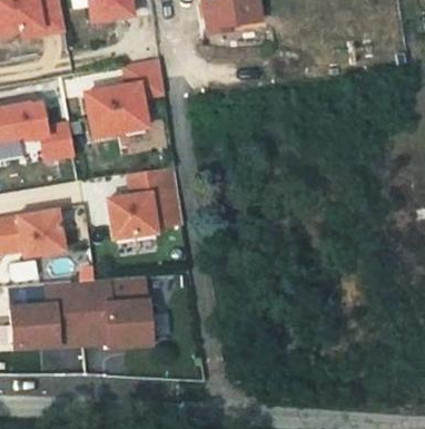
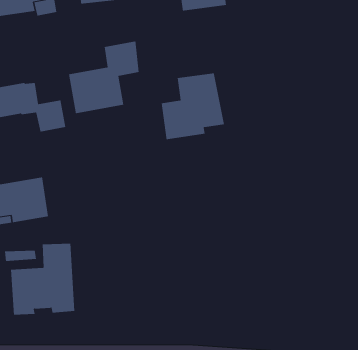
building: [103,167,174,241] -> [161,73,225,140]
building: [85,279,157,359] -> none

